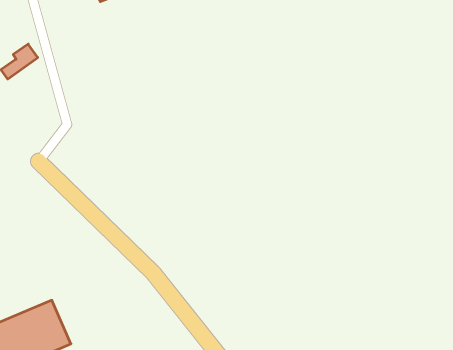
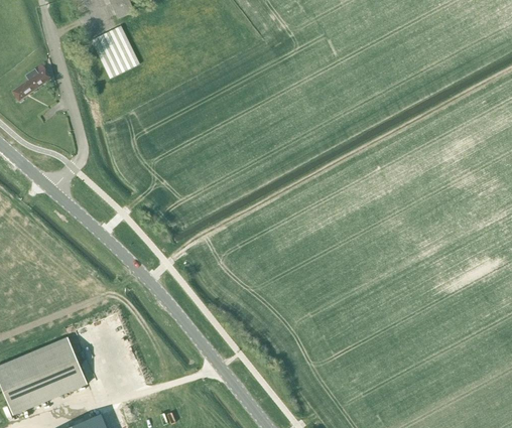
building: none -> [91,25,139,78]

